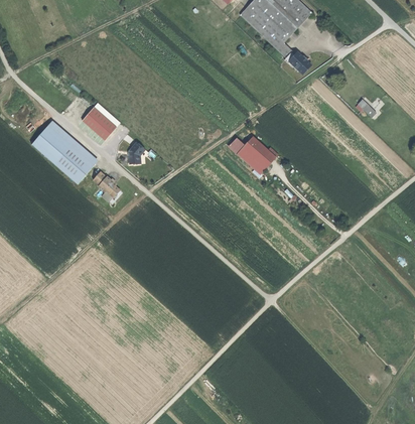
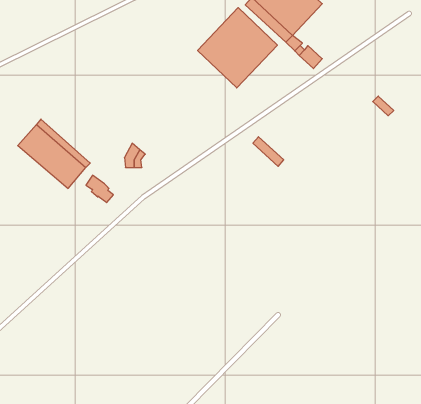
building: none -> [198,8,277,88]
building: [82,106,116,139] -> none
building: [237,141,270,174] -> none

